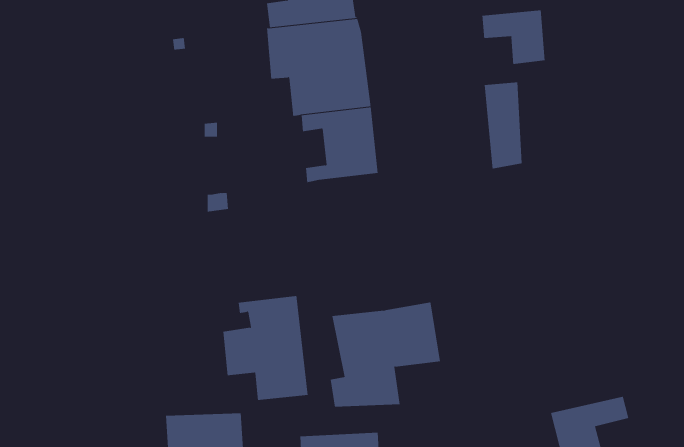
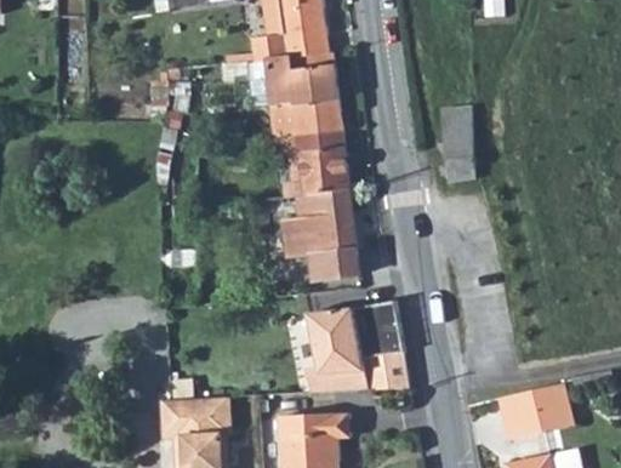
building: [482,9,545,65] -> none
building: [223,295,308,401] -> [283,188,358,280]
building: none -> [363,353,408,390]

